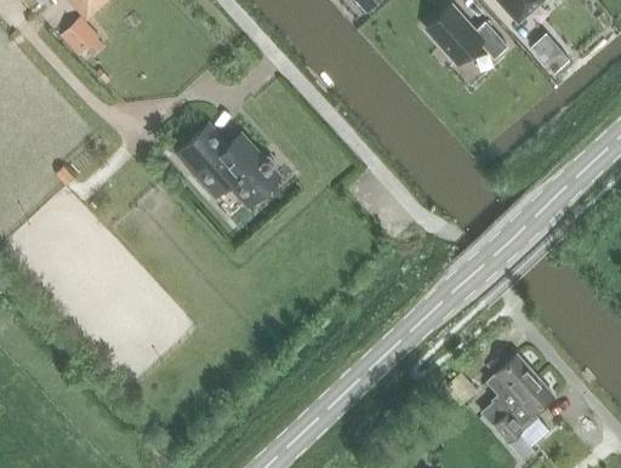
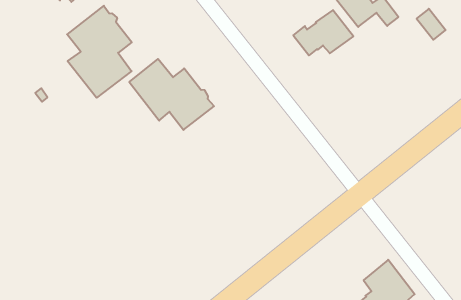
building: none -> [293,10,353,55]
building: none -> [67,6,132,98]

